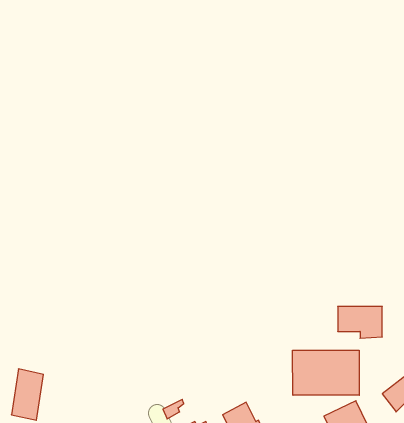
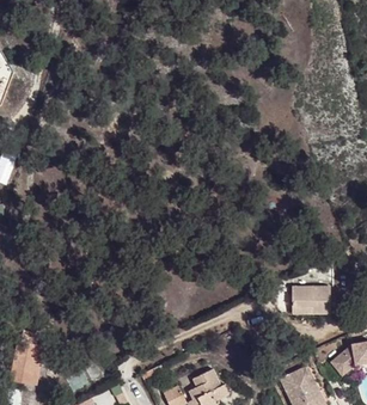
building: [293,350,359,395] -> none

